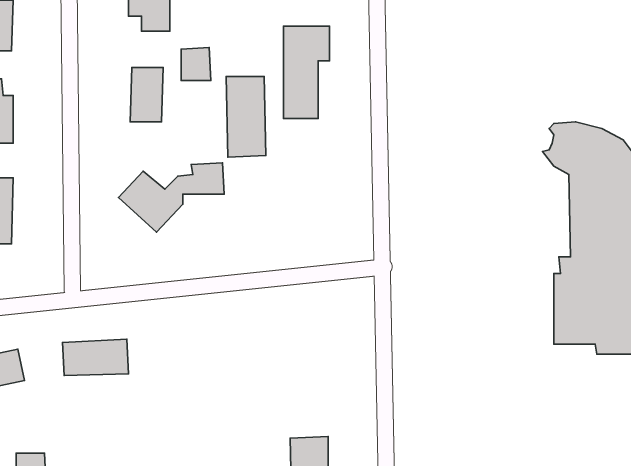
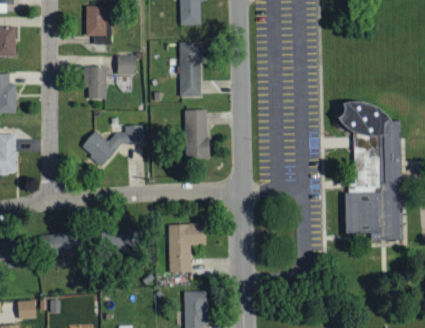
building: [226,76,266,157] -> [185,110,209,159]
building: none -> [168,224,206,273]
building: none -> [105,227,136,251]

